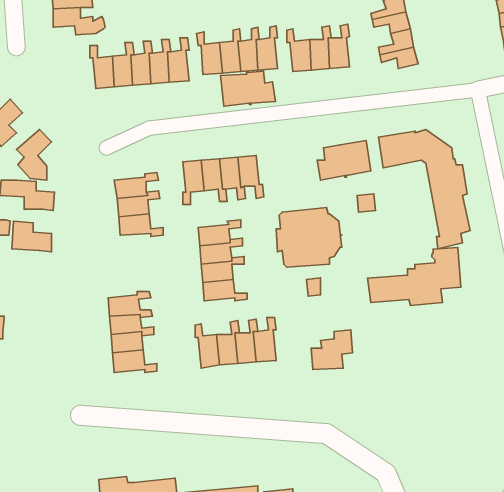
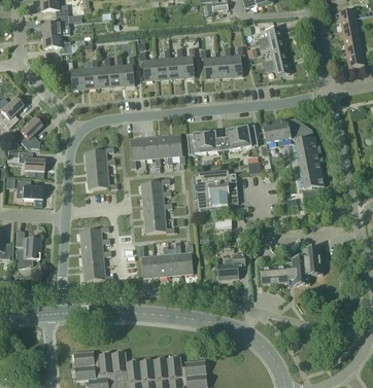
building: [221,71,276,106] -> [185,131,223,154]
building: [368,248,461,306] -> [259,247,321,286]
building: none -> [14,231,39,267]

